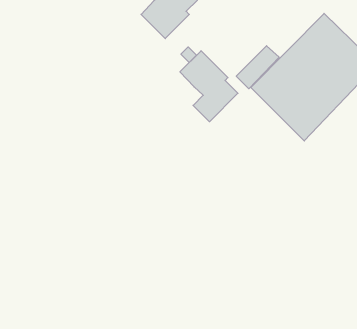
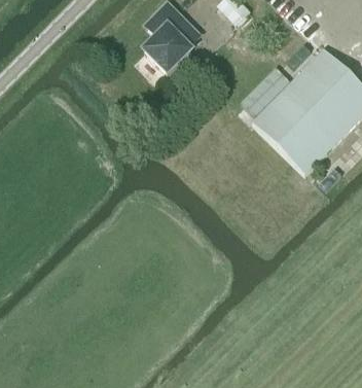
building: [180,51,238,122] -> none

